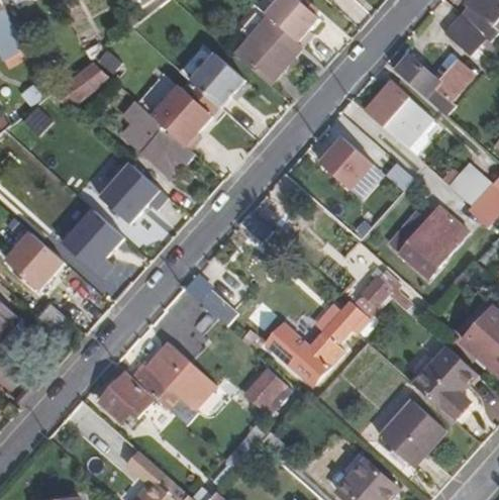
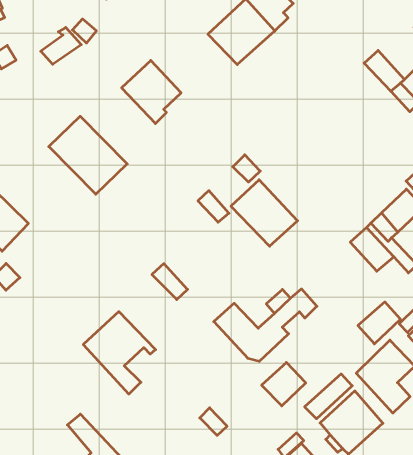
building: [179,47,243,107] -> none
building: [365,83,431,148] -> none
building: [126,103,194,172] -> none
building: [318,133,387,200] -> [231,180,298,246]
building: [61,205,126,287] -> none
building: [353,274,395,317] -> [358,302,400,344]
building: [153,296,207,349] -> none
building: [99,375,153,422] -> none
building: [251,375,295,419] -> [262,362,306,406]

